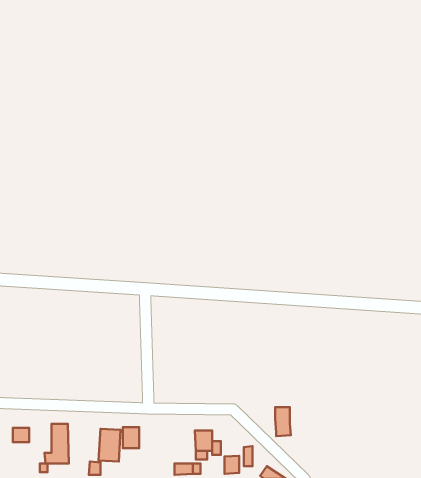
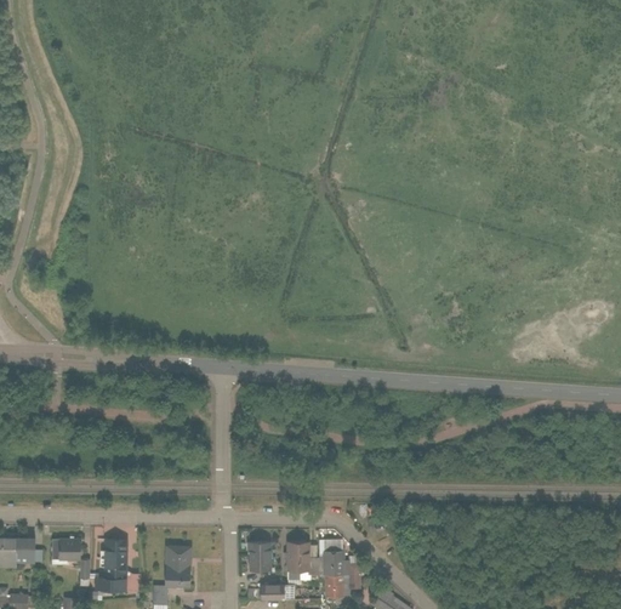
building: [275,407,291,436] -> [323,541,342,577]
building: [123,427,139,448] -> [249,545,269,571]

